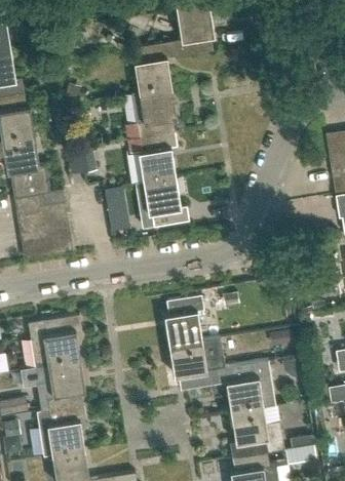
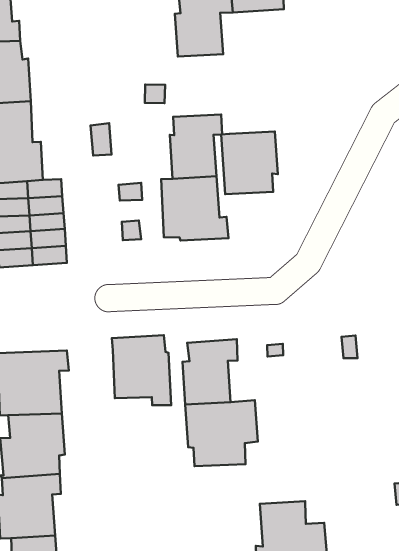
building: [132,88,177,137] -> [221,131,278,194]
building: none -> [112,335,171,405]
building: [216,361,275,412] -> none

